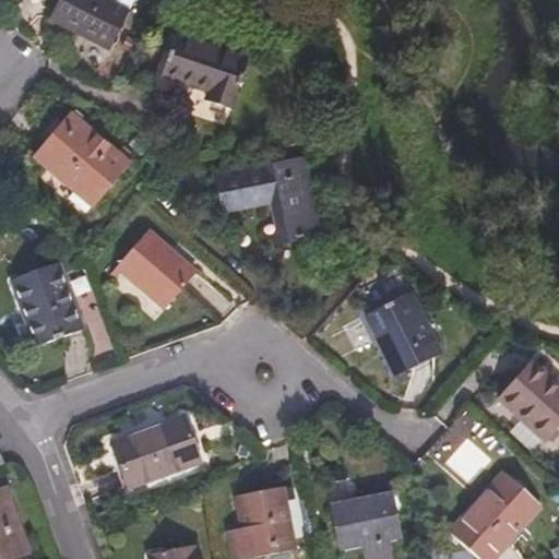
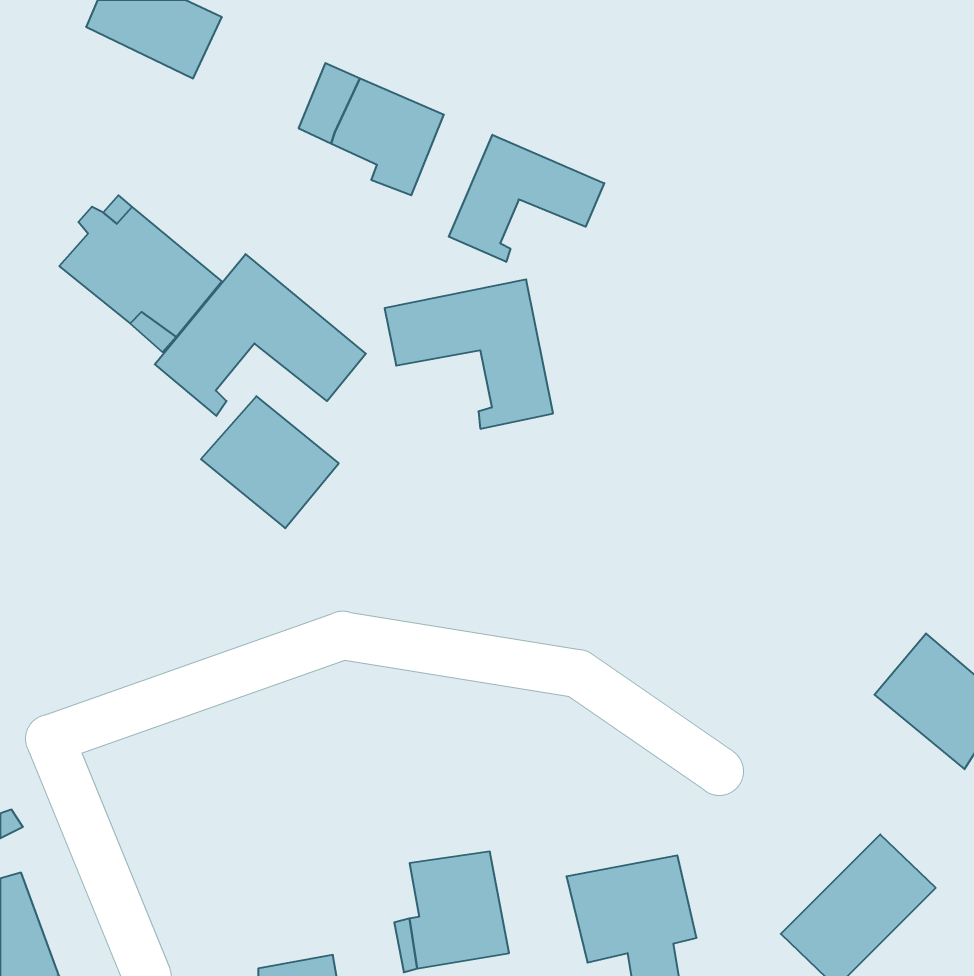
building: none -> [449,135,604,262]
building: none -> [155,254,366,416]
building: [14,264,81,344] -> none
building: [368,292,439,371] -> none
building: [114,417,200,485] -> none

